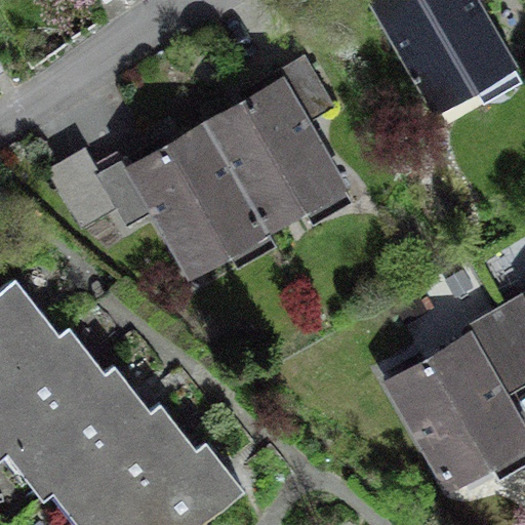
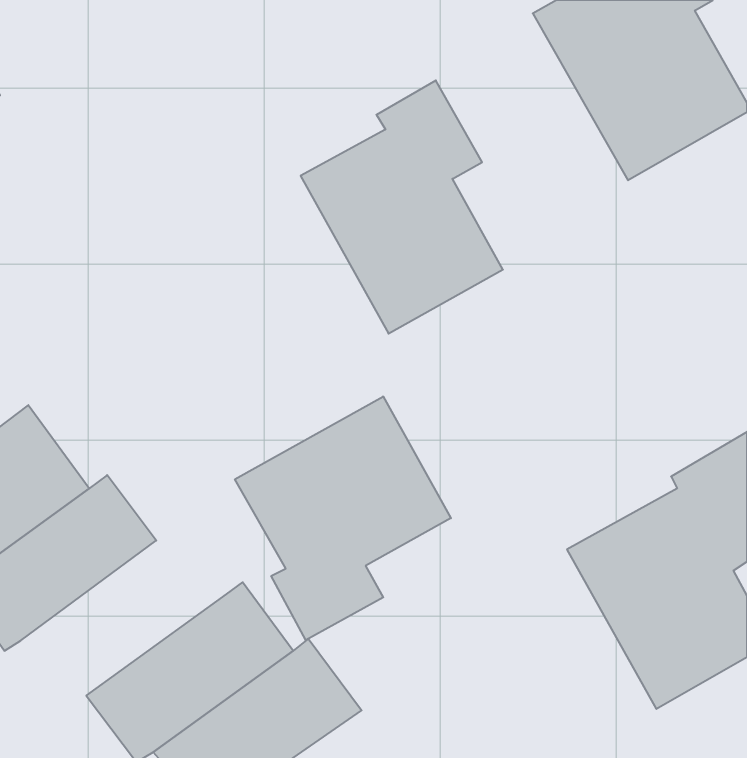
building: [42,123,268,278] -> none
building: none -> [235,396,451,640]
building: [14,364,156,489] -> none

